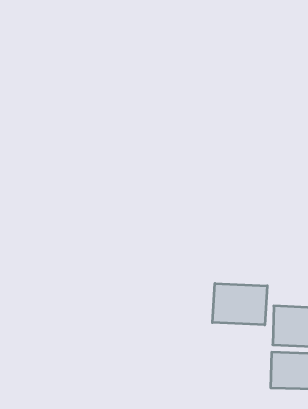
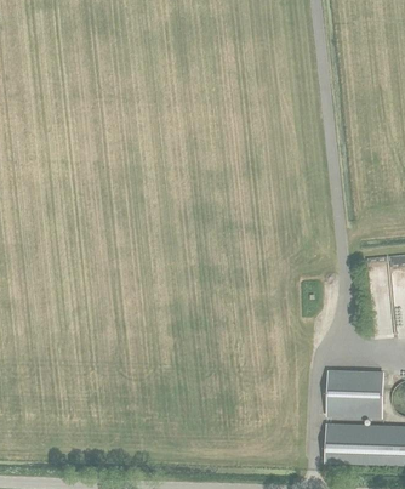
building: [212,283,267,325] -> none

